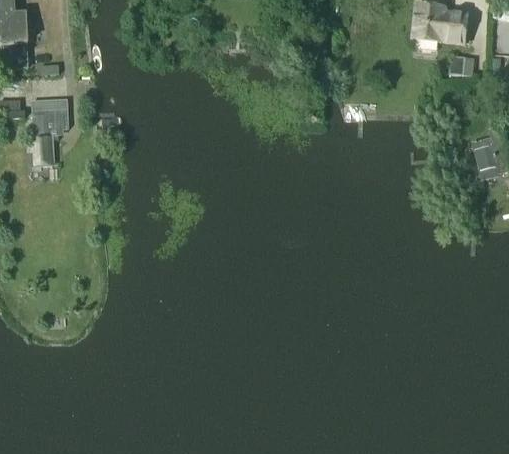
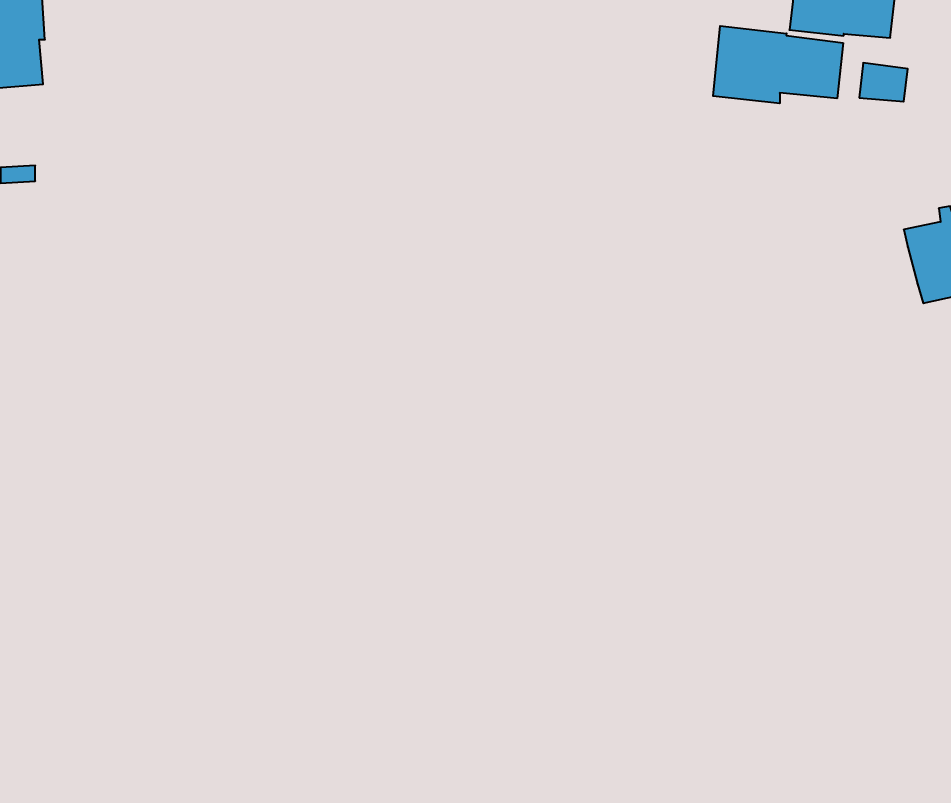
building: none -> [713,26,843,103]
building: [32,98,68,163] -> none

